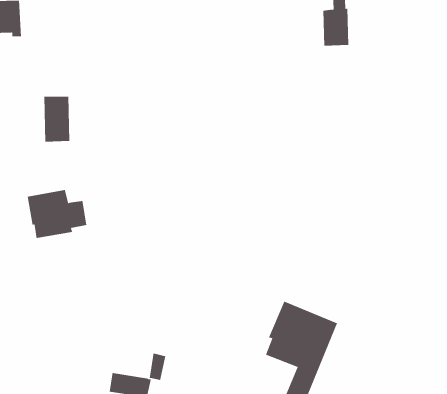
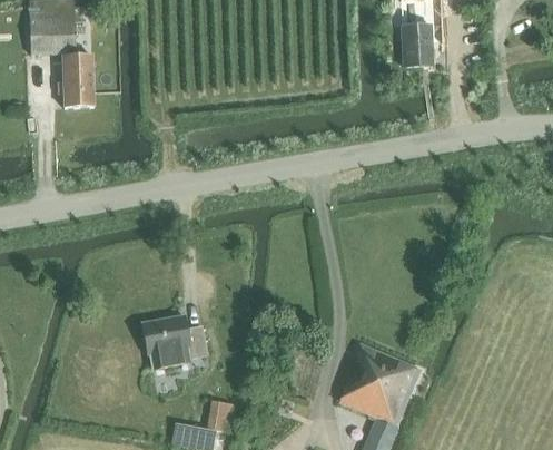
building: [43,96,70,142] -> [65,58,93,108]
building: [27,189,87,238] -> [142,315,208,369]

